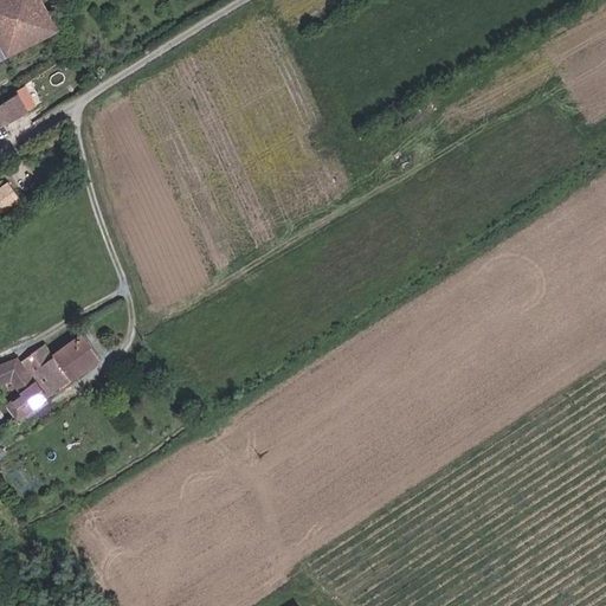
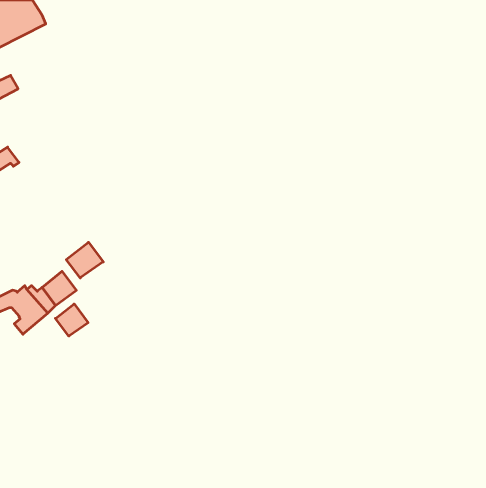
building: none -> [66,242,103,278]
building: none -> [55,304,88,336]

